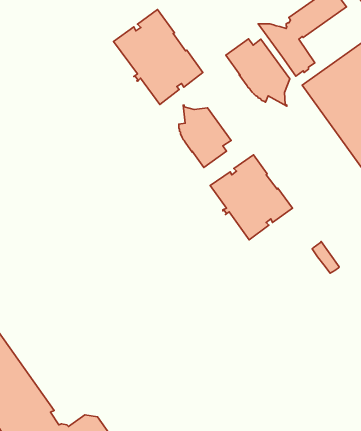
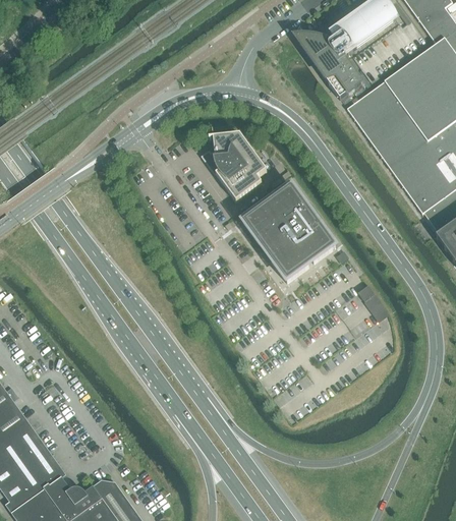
building: [114,10,203,105] -> none
building: [226,39,290,106] -> none

